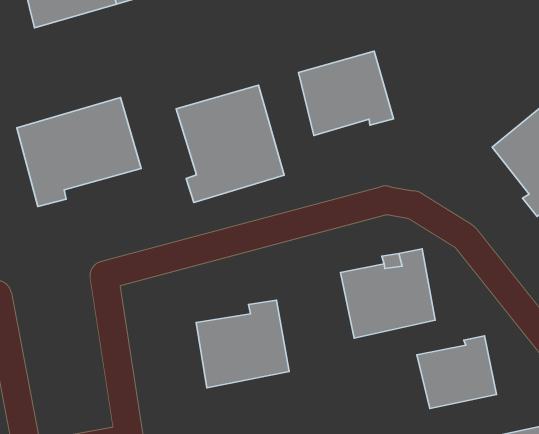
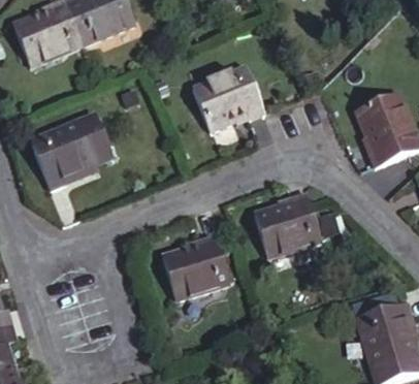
building: [176,85,284,203] -> none
building: [417,336,497,408] -> none

